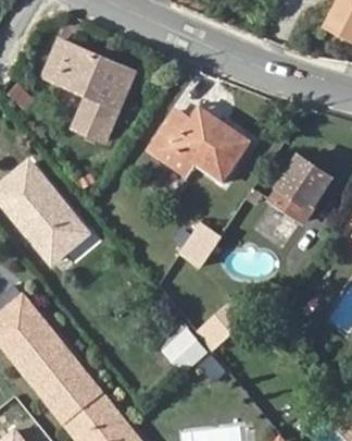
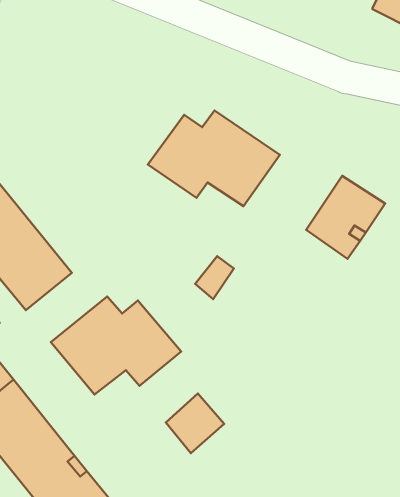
building: [45,42,134,143] -> none
building: none -> [51,296,181,395]

